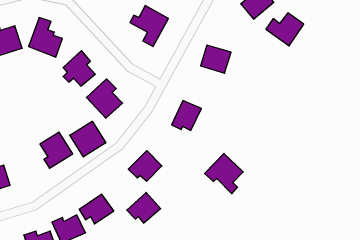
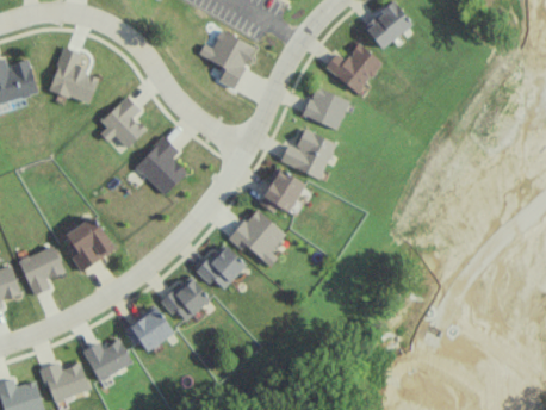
building: [266,13,304,46] -> [324,44,380,93]
building: none -> [279,129,335,179]
building: [70,121,106,157] -> none
building: none -> [19,246,63,296]
building: [205,153,243,194] -> [228,207,285,267]
building: [127,192,161,223] -> [160,275,210,321]

